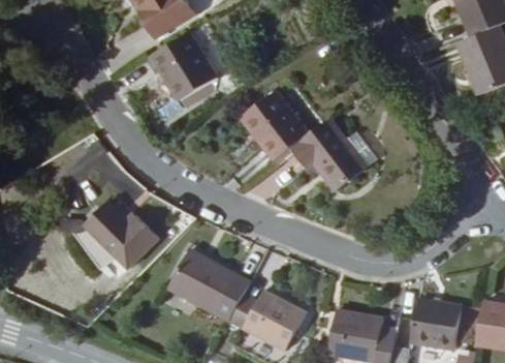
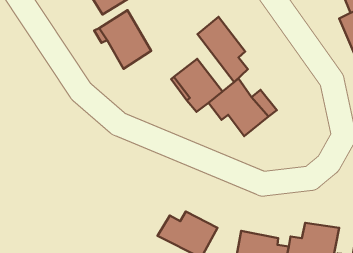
building: none -> [198,17,248,82]
building: [82,203,154,269] -> none
building: [166,249,248,320] -> none

